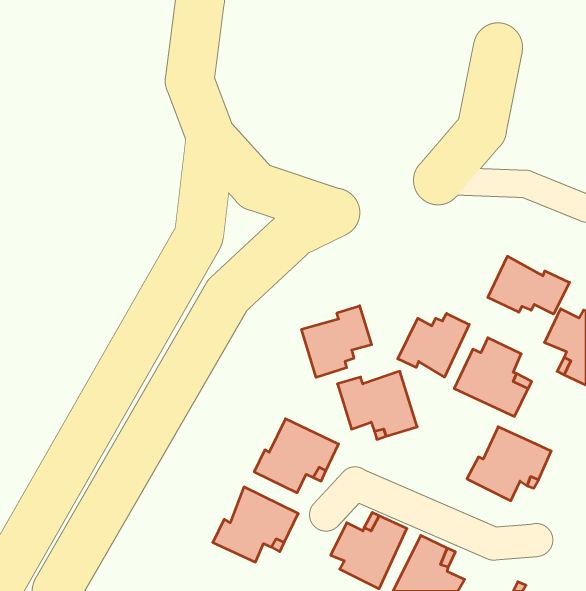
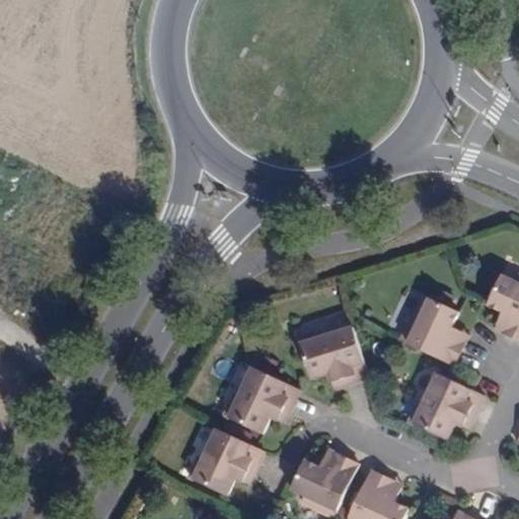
building: [488,256,570,314] -> none
building: [302,306,372,377] -> none
building: [398,313,469,377] -> none

